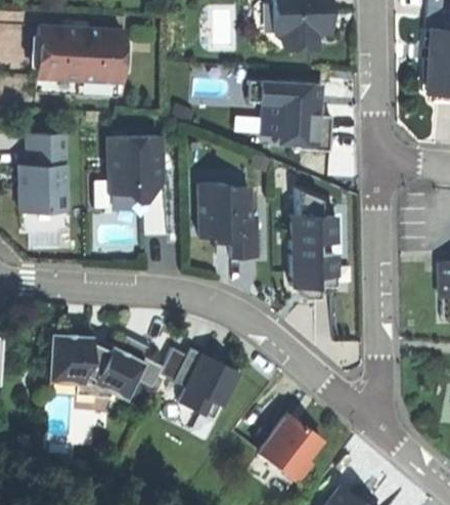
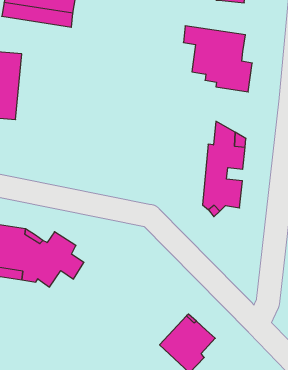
building: [95,129,170,203] -> none
building: [198,182,258,257] -> none
building: [163,338,242,419] -> none

